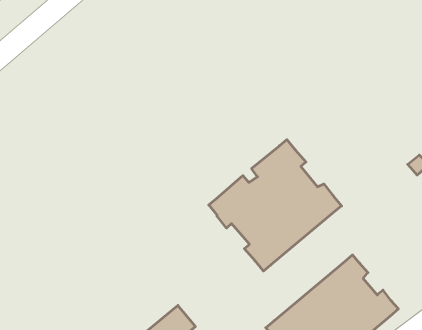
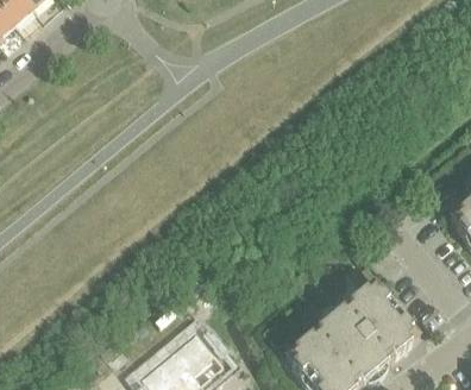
building: [209,140,342,271] -> none

